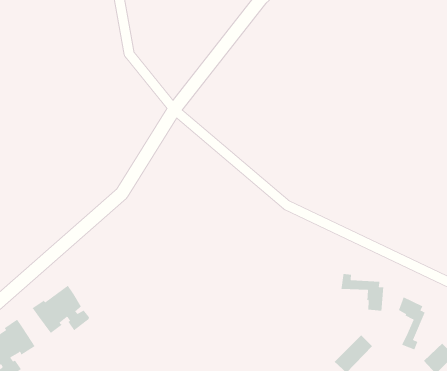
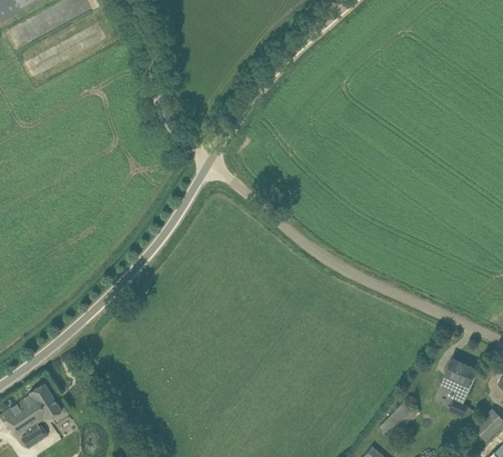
building: [341,273,384,312] -> none
building: [32,285,90,334] -> none

